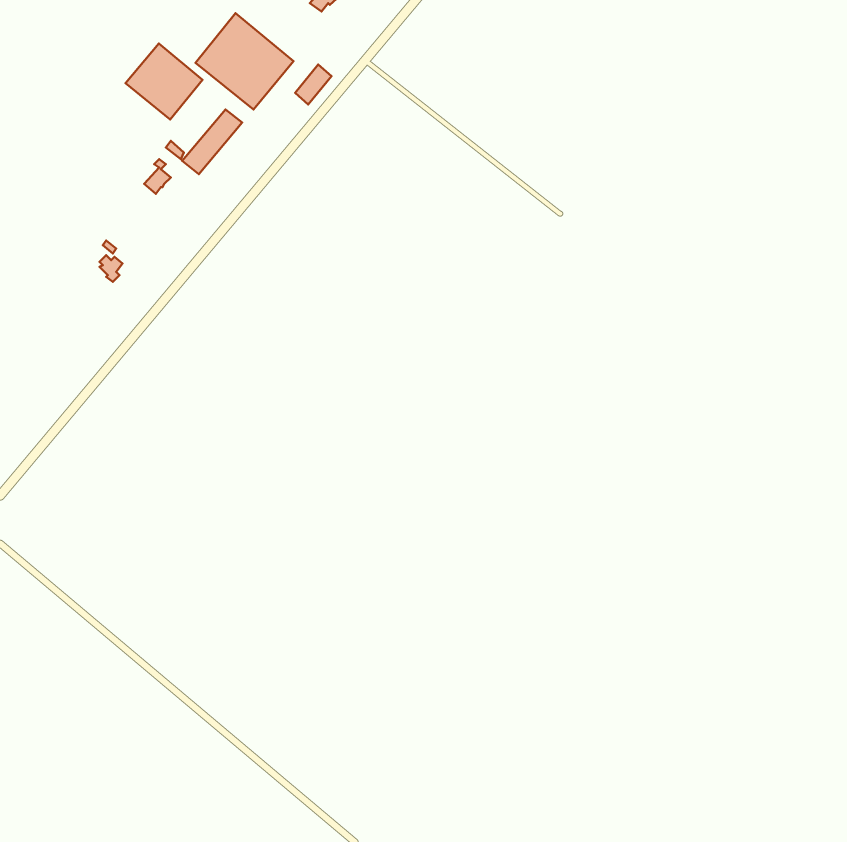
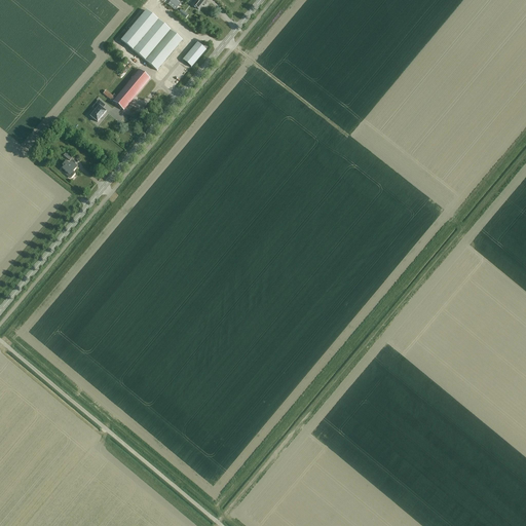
building: [125,43,202,120] -> none

